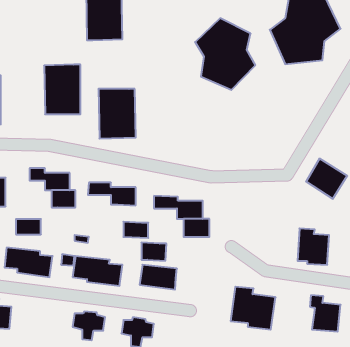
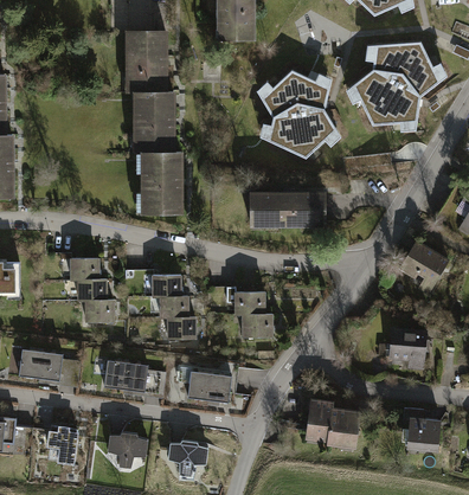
building: [44,65,80,114] -> [131,92,176,154]
building: none -> [249,193,329,229]
building: [16,219,41,234] -> [88,301,118,320]
building: [141,243,166,261] -> [162,297,193,320]
building: none -> [46,423,77,461]

